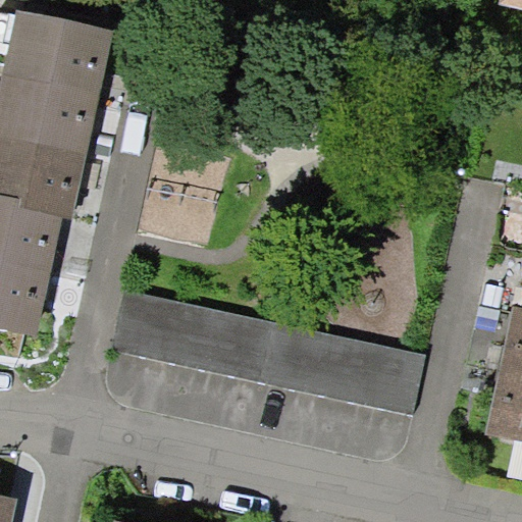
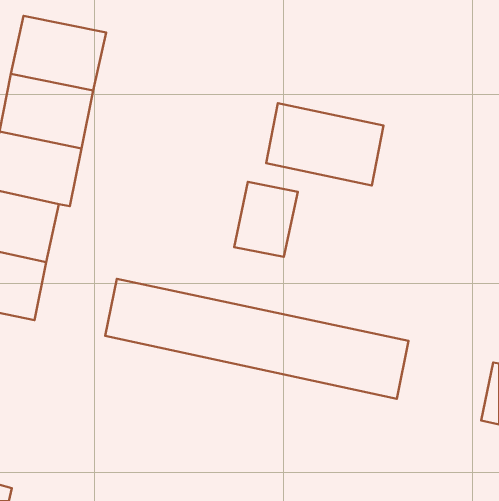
building: none -> [266,103,383,185]
building: none -> [234,182,298,257]

